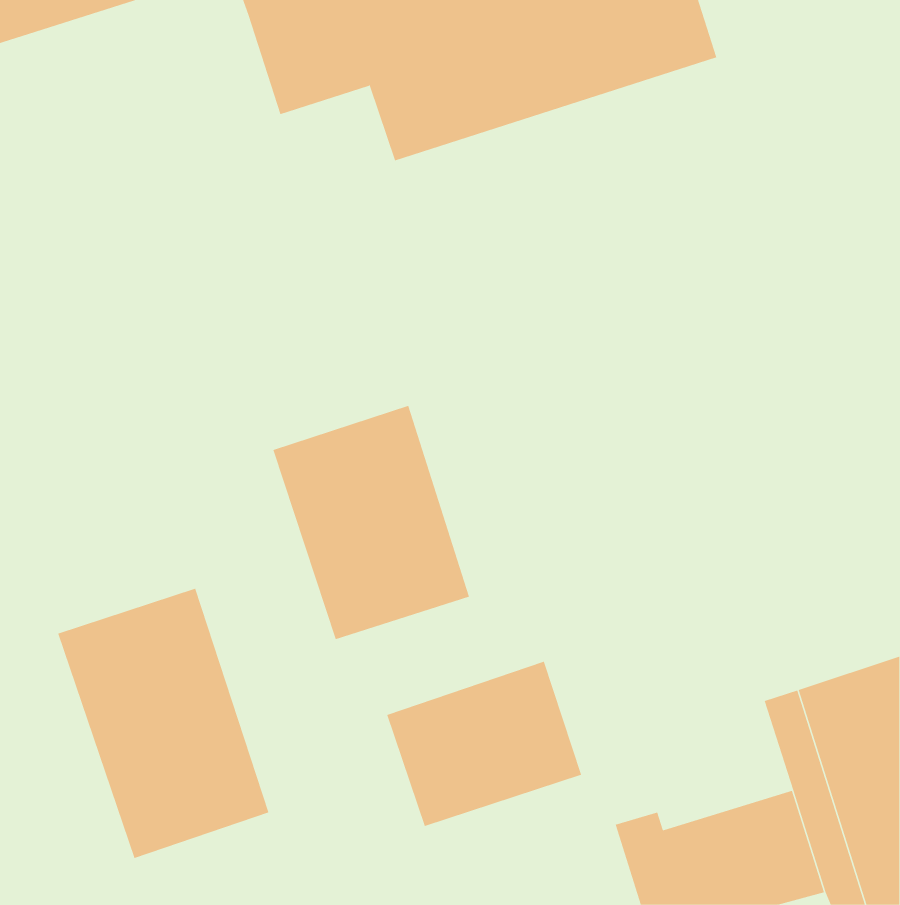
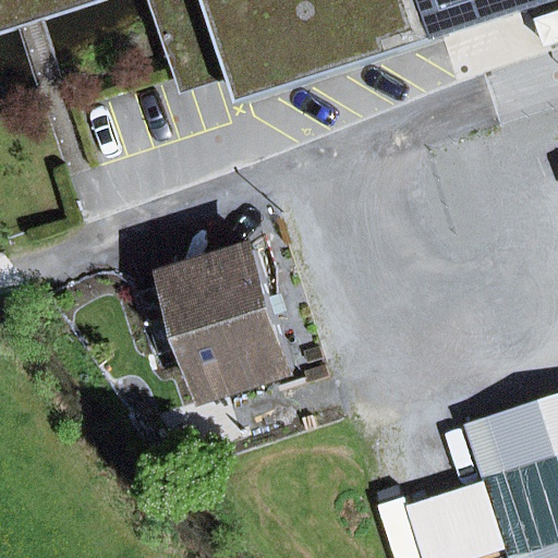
building: [58,588,269,859] -> none
building: [387,661,582,827] -> none

